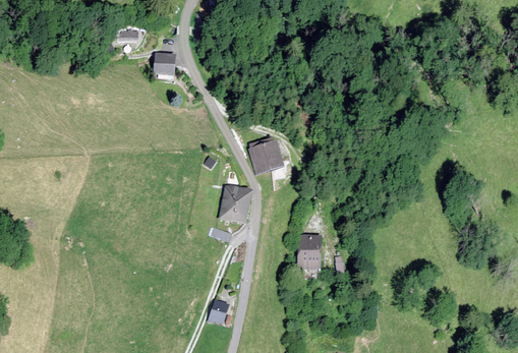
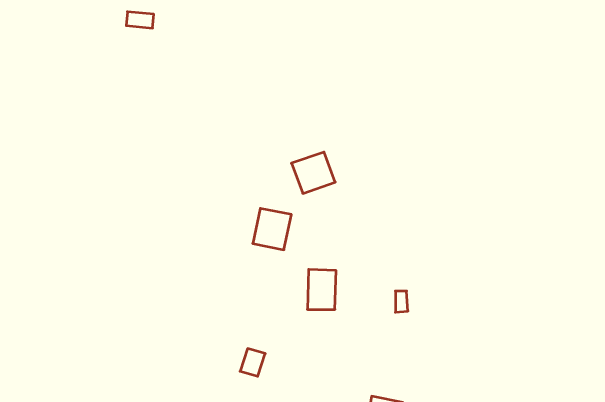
building: [156,54,176,75] -> none
building: [298,236,322,269] -> [307,269,336,309]

